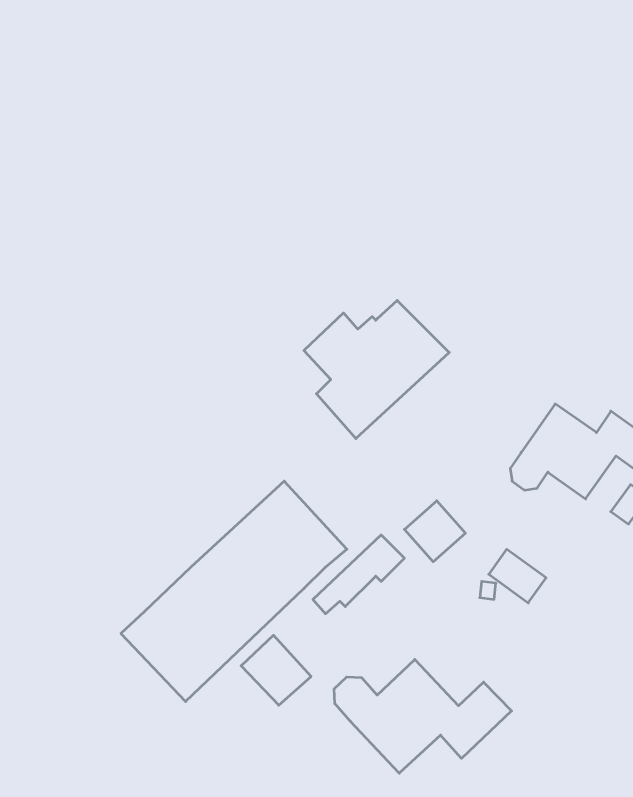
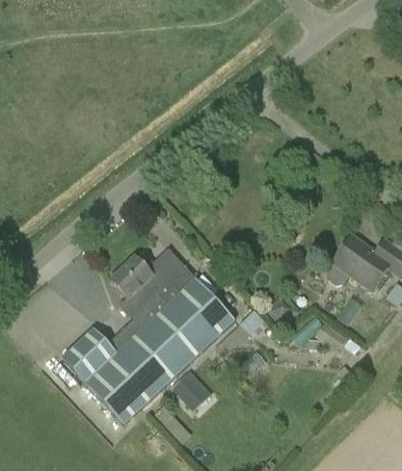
building: [304,300,449,439] -> [112,250,196,330]
building: none -> [63,331,139,421]
building: [334,659,512,773] -> none

